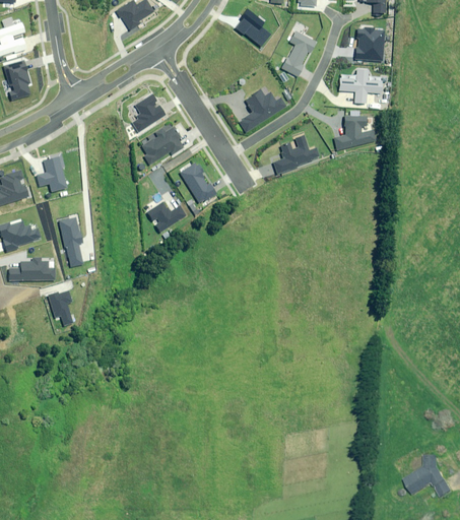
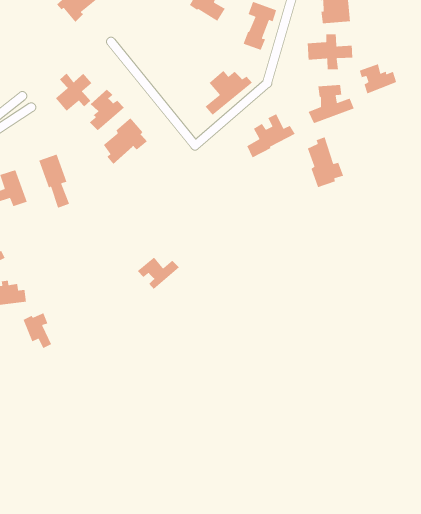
building: none -> [55,73,93,112]
building: none -> [359,63,397,94]
building: [181,161,217,202] -> none
building: none -> [307,136,344,188]
building: [147,201,187,232] -> [137,256,180,290]
building: [59,215,83,266] -> [38,153,70,209]

